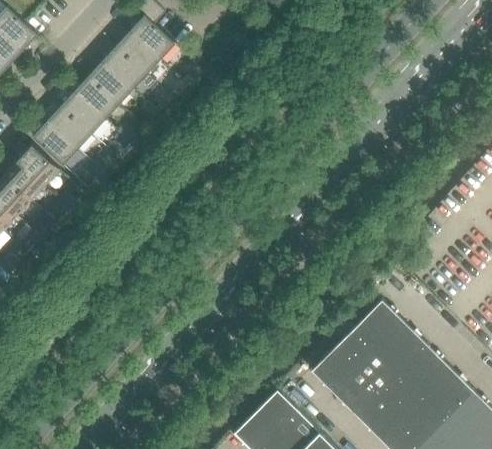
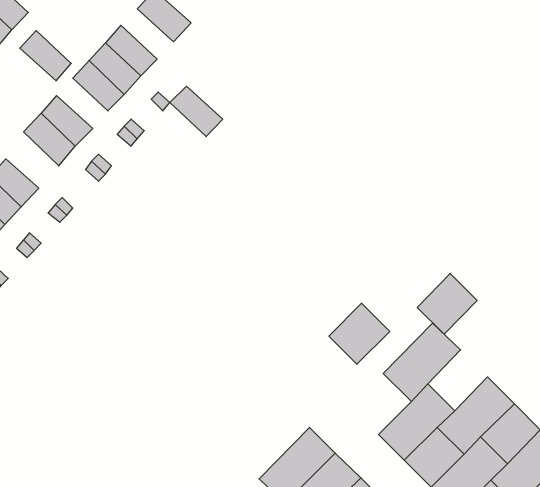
building: [115,33,160,76] -> [170,86,223,137]
building: [60,92,104,135] -> [20,31,71,81]
building: [17,146,59,186] -> none
building: [377,324,428,376] -> [417,273,477,334]
building: [311,344,363,396] -> [329,303,390,364]

